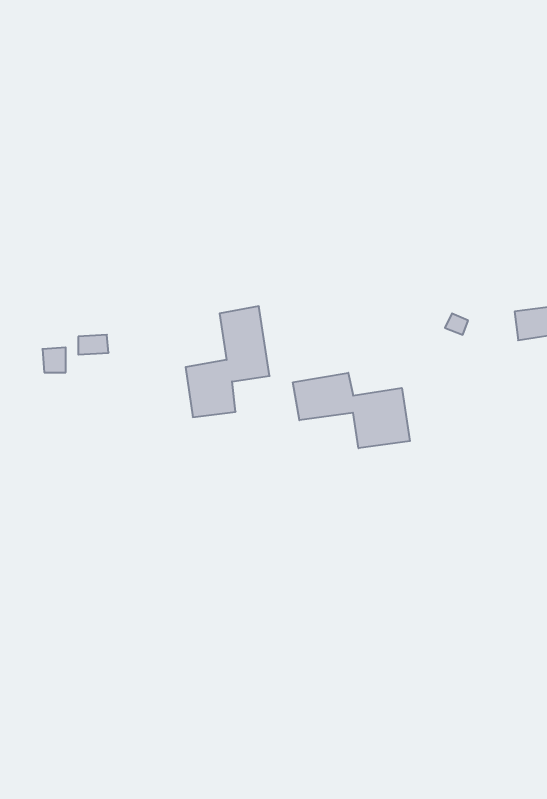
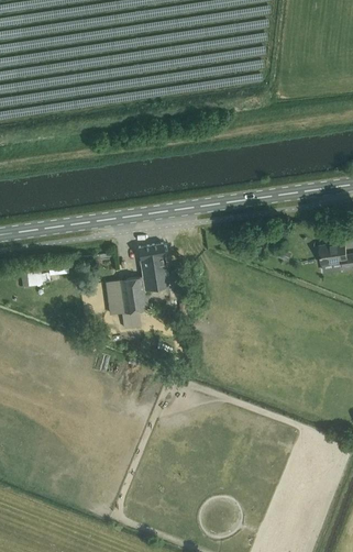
building: [293,373,410,448] -> none

